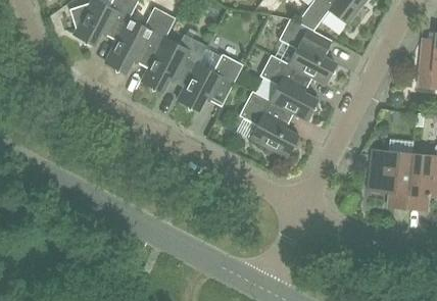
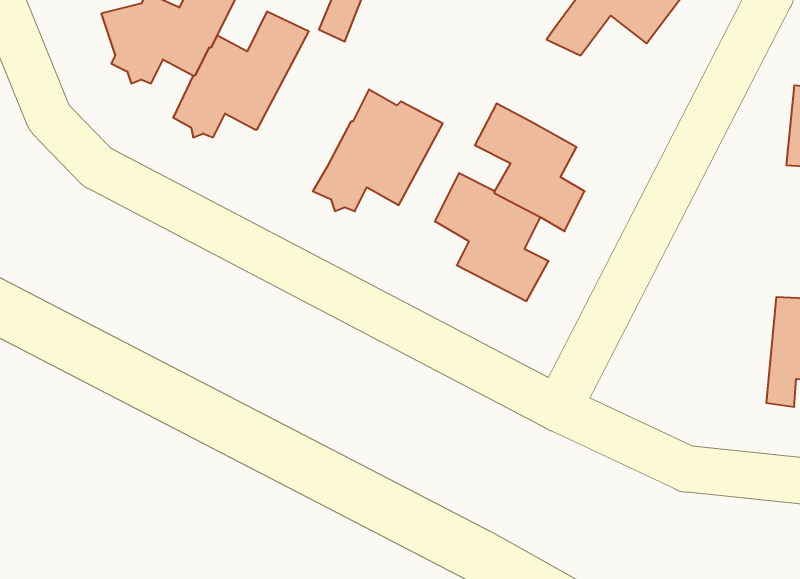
building: [278,17,335,83] -> none
building: [141,33,206,91] -> none
building: [369,149,414,207] -> none

